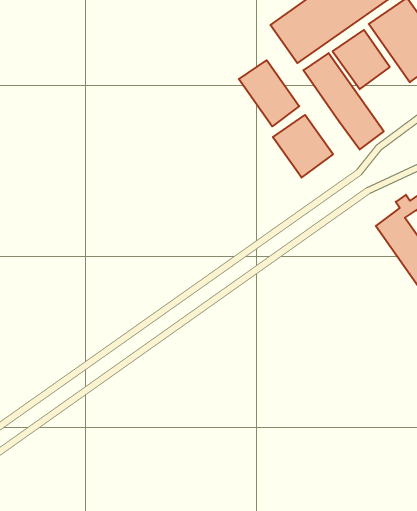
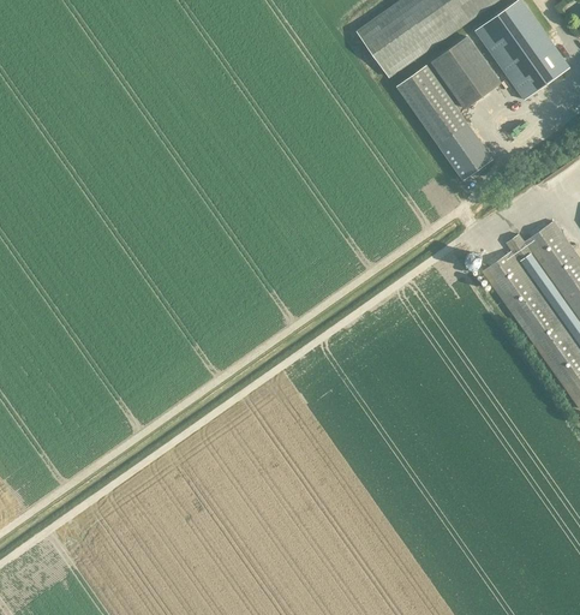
building: [239,60,299,126] -> none
building: [273,115,333,178] -> none

